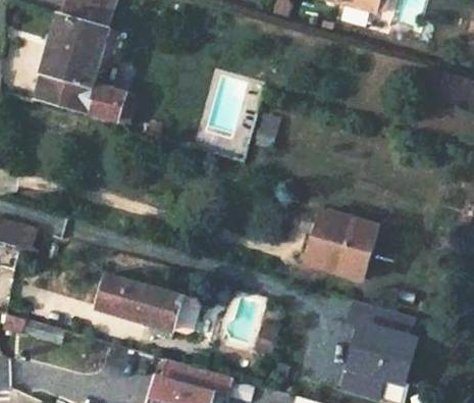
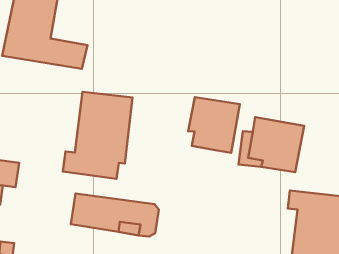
building: none -> [63,92,133,179]
building: none -> [188,97,240,153]

